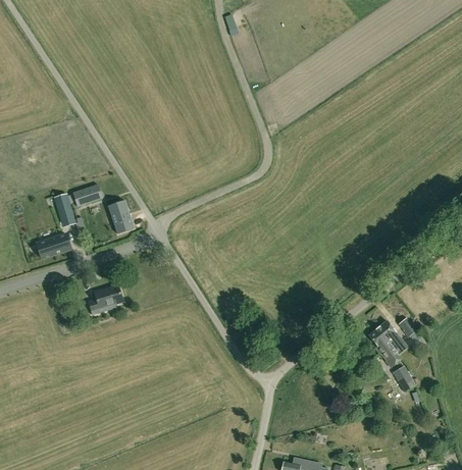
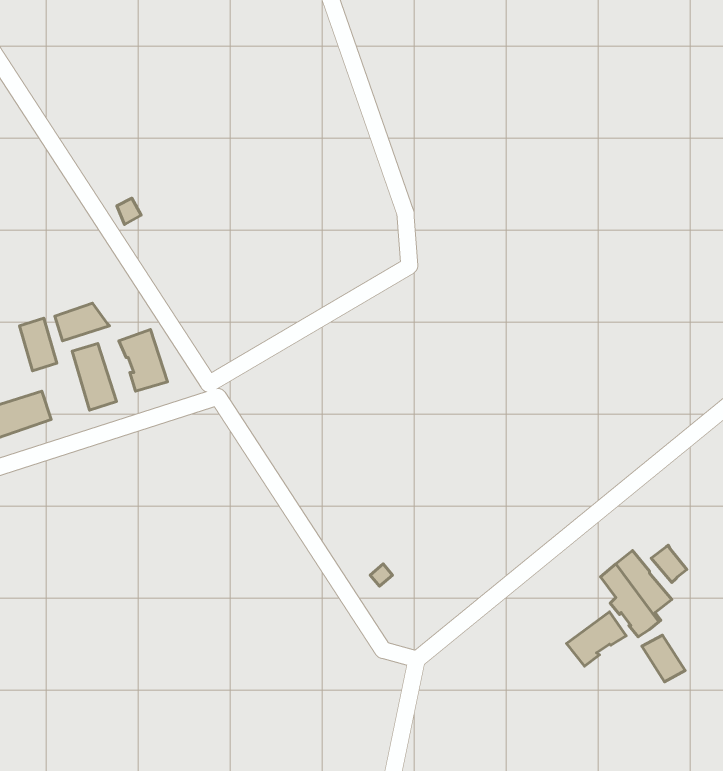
building: none -> [72,344,116,410]
building: [89,284,123,313] -> none
building: none -> [567,612,626,666]

